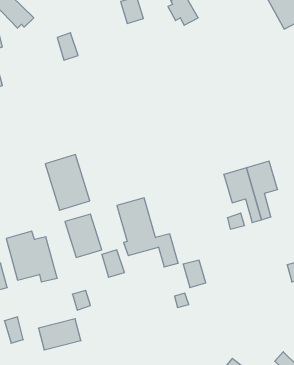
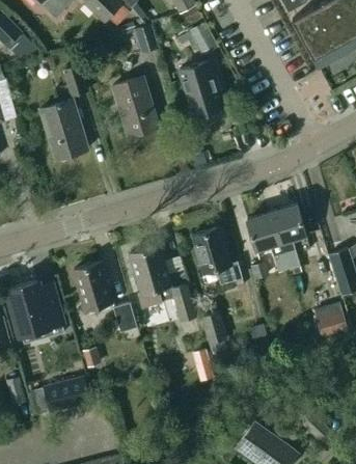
building: none -> [177,56,223,117]
building: none -> [112,77,159,137]
building: [45,155,90,210] -> [39,99,88,160]
building: none -> [192,227,240,284]

